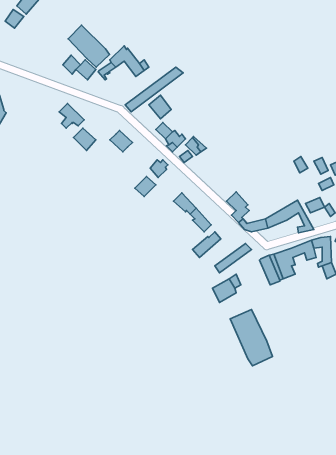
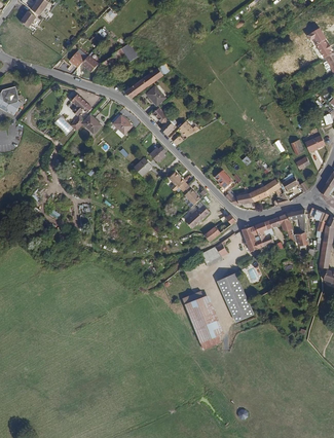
building: [68,25,109,67] -> none
building: none -> [182,289,221,348]

